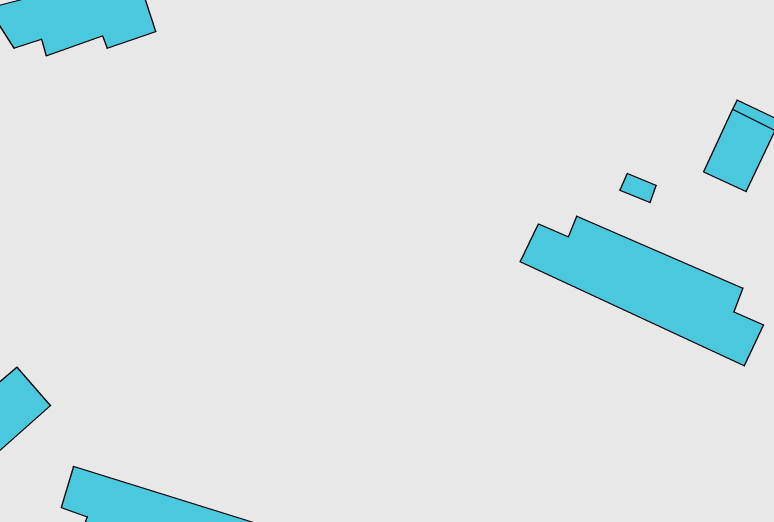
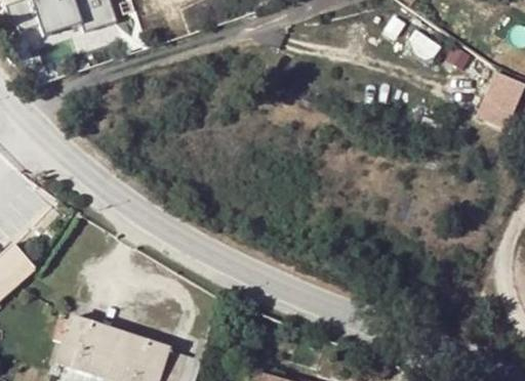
building: [520,216,763,366] -> none

